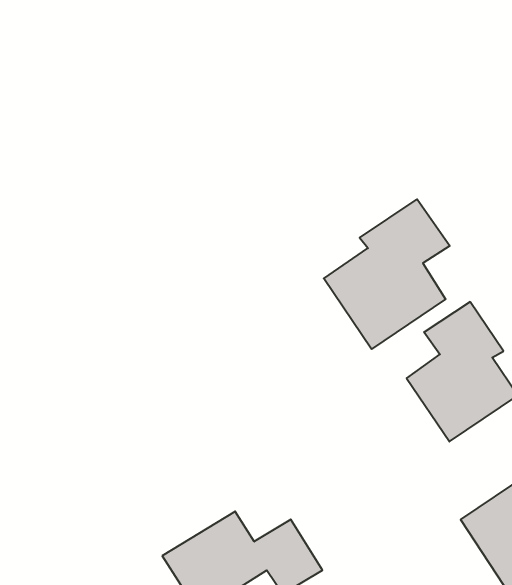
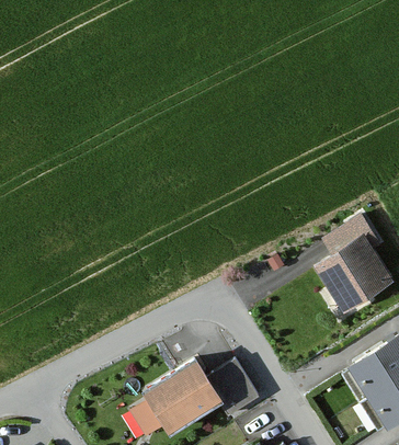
building: [324,199,450,349] -> none

